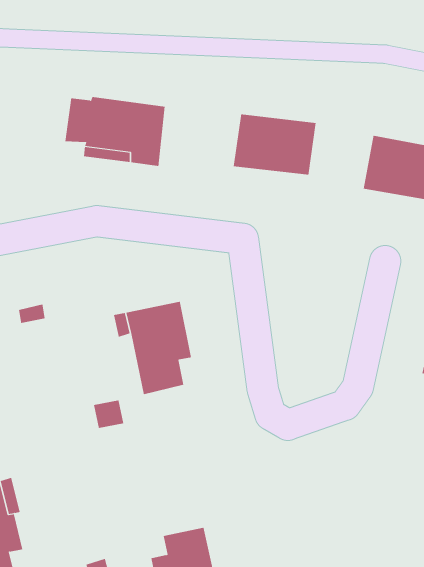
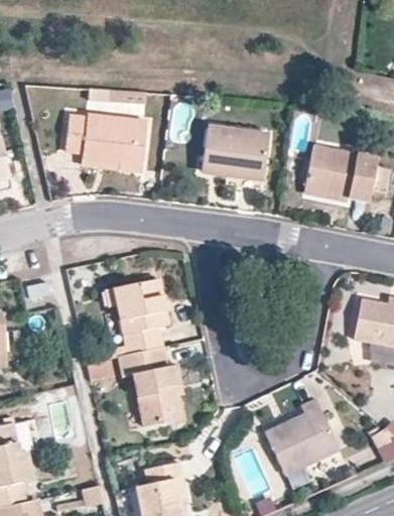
building: none -> [118,347,181,425]
building: none -> [266,399,338,474]

